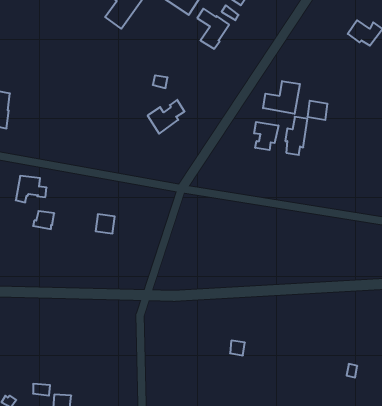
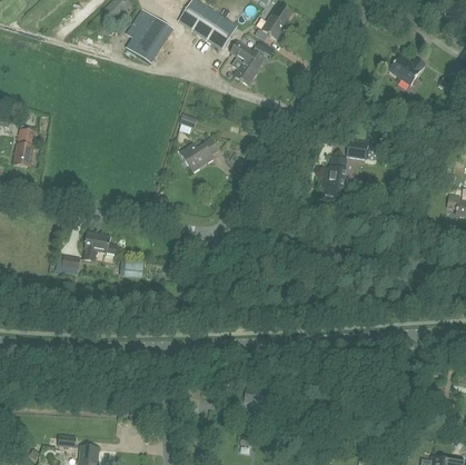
building: [263,81,300,114] -> none
building: [254,122,278,150] -> none
building: [16,176,47,202] -> [83,231,116,259]

